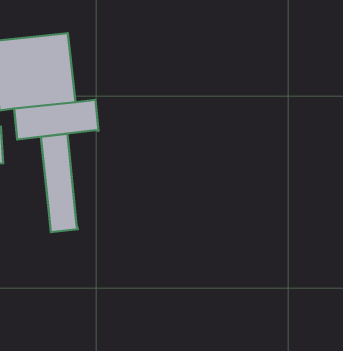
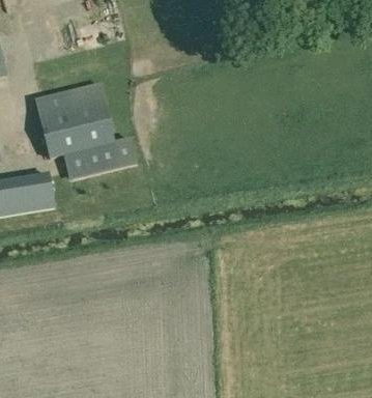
building: [41,134,78,232] -> none

